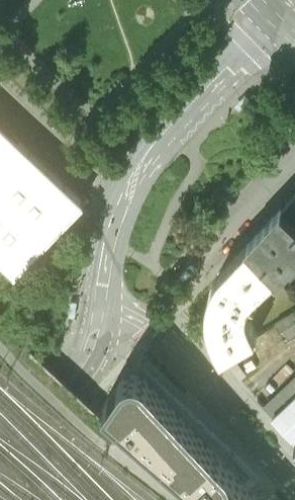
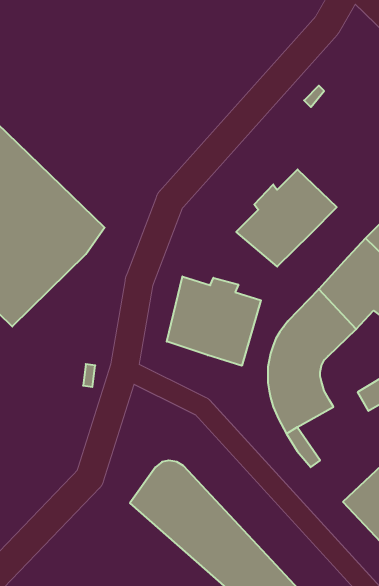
building: none -> [236,169,337,267]
building: none -> [167,276,261,366]

